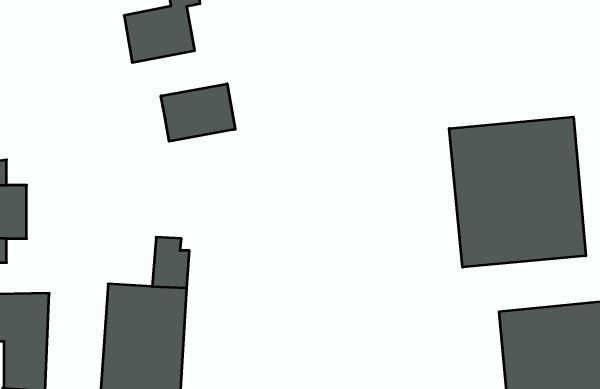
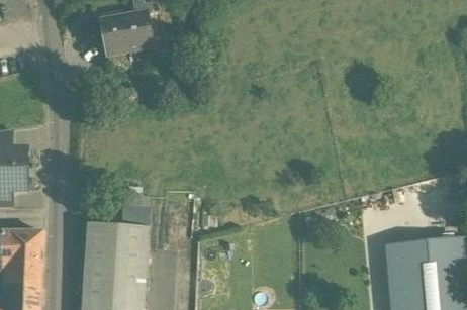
building: [161,84,235,141] -> none
building: [449,117,586,267] -> none

